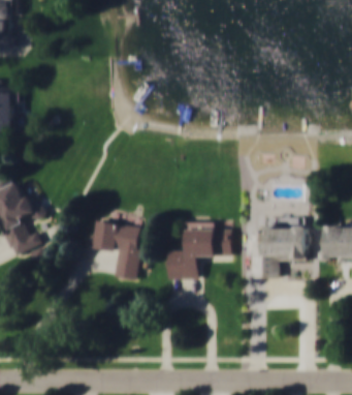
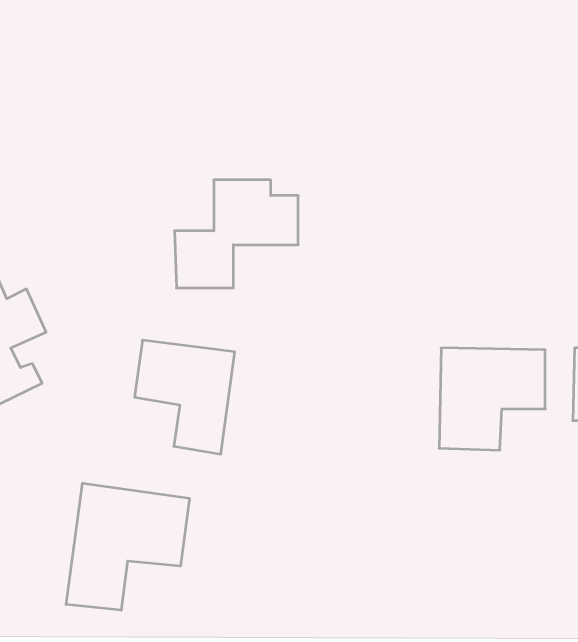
building: [166,220,231,277] -> [174,180,298,288]
building: none -> [66,483,189,610]

